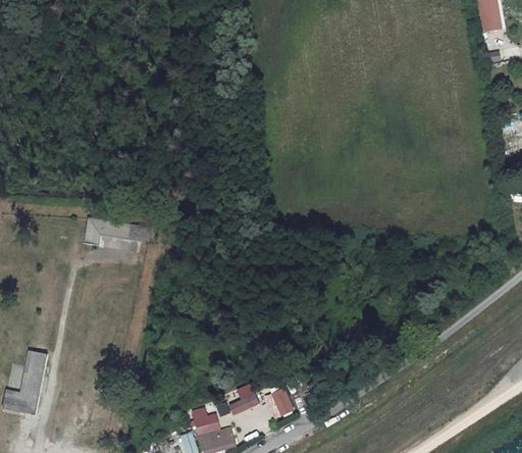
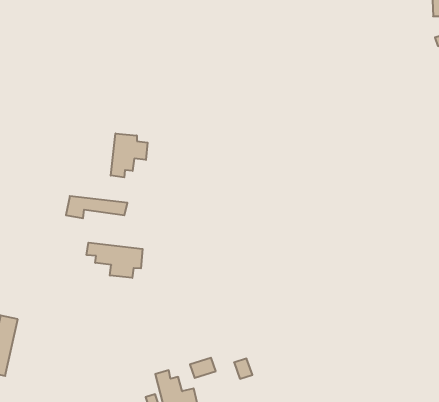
building: none -> [111,133,148,177]
building: none -> [87,243,143,278]

